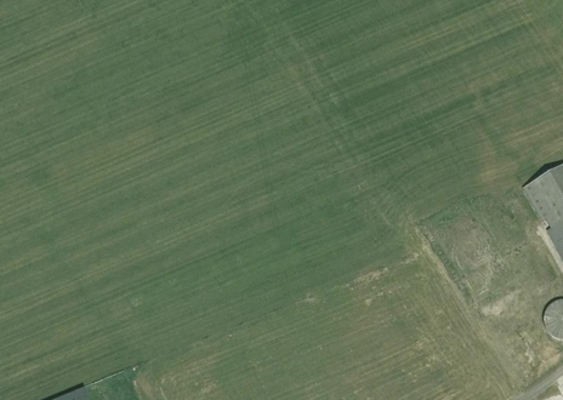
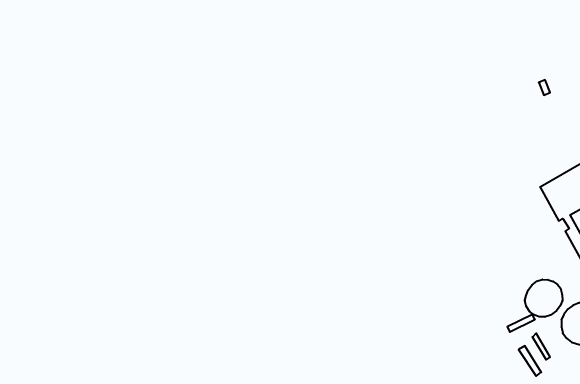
building: none -> [525,279,562,317]

